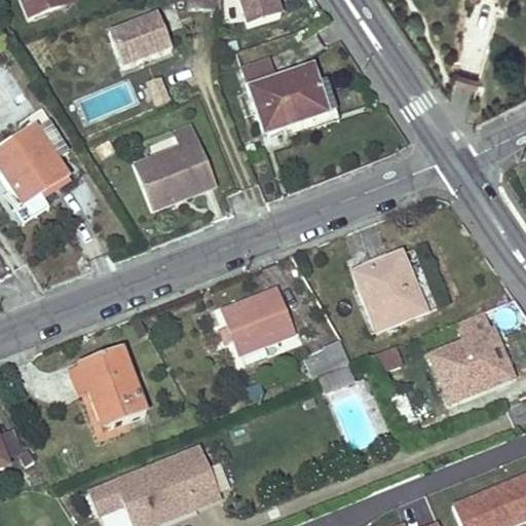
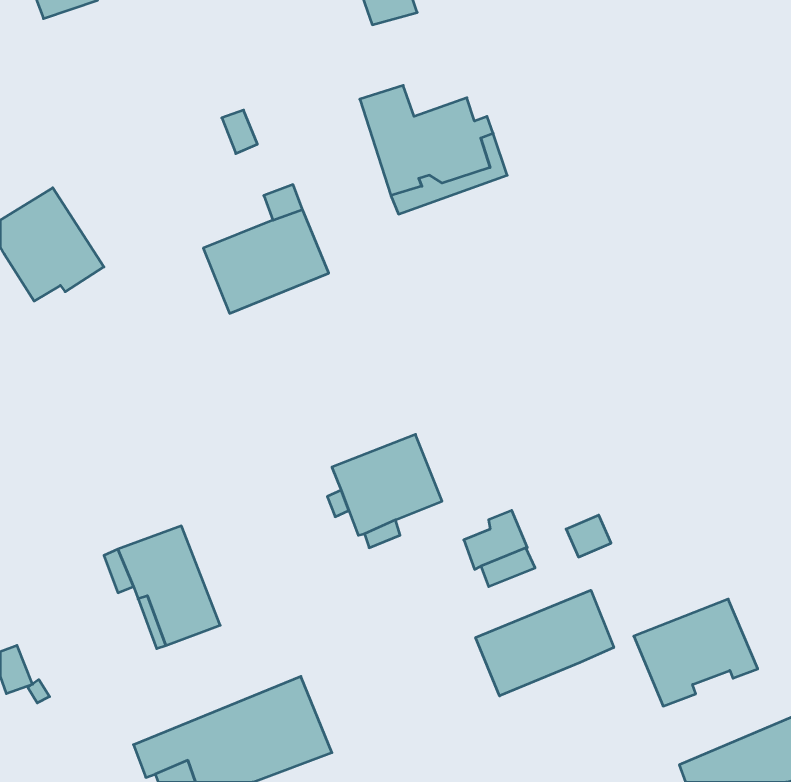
building: [108,8,172,64] -> none
building: [354,253,423,328] -> none
building: [431,329,514,400] -> [634,599,758,706]
building: none -> [476,590,614,696]

